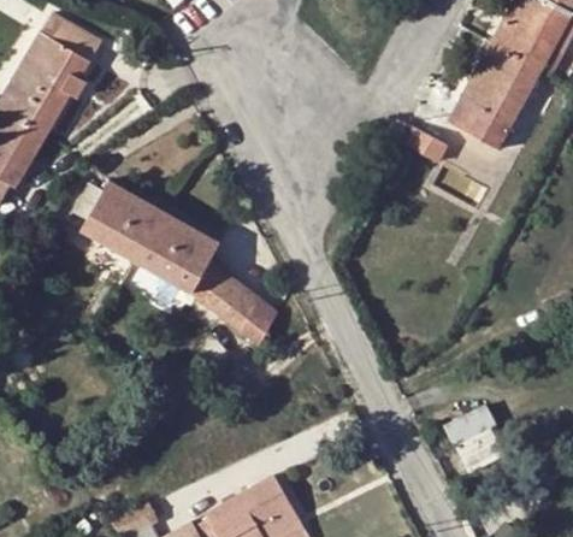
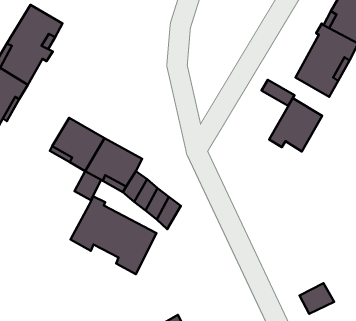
building: none -> [269,98,322,151]
building: none -> [70,196,157,274]
building: [444,403,496,445] -> none

